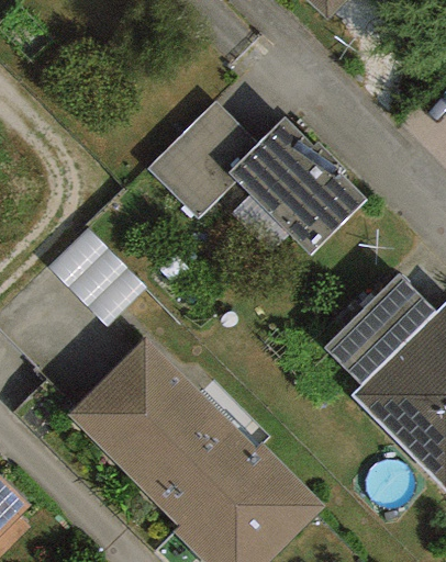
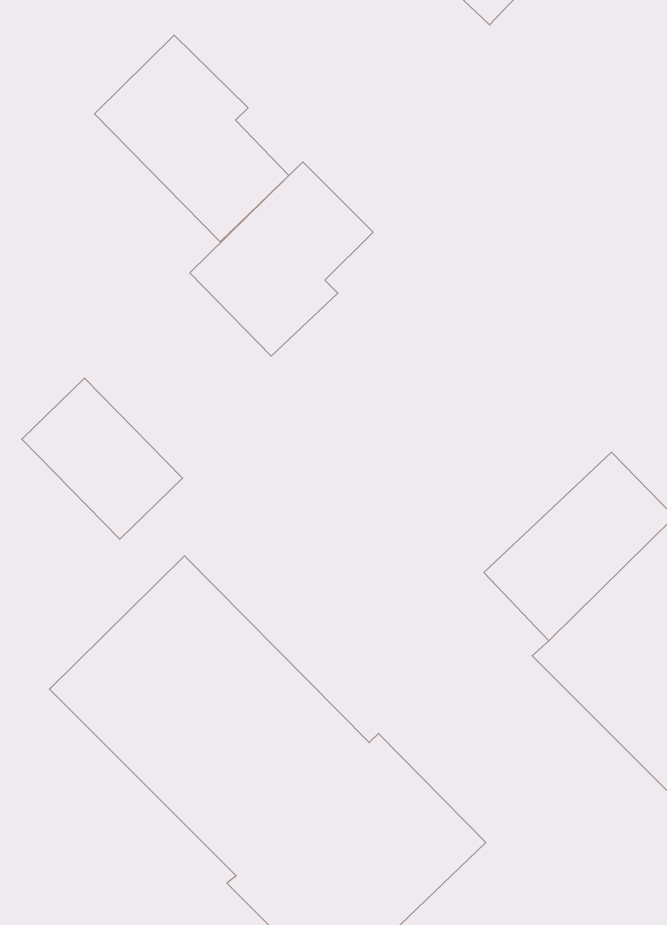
building: none -> [94,35,289,242]
building: [230,119,366,255] -> none

